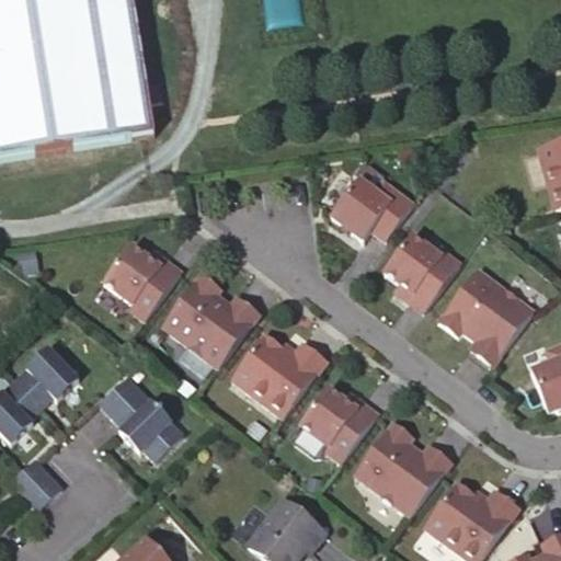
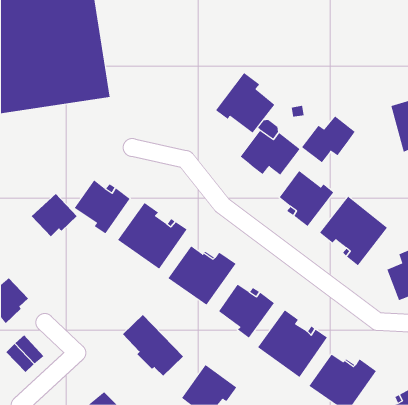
building: none -> [215,72,275,134]
building: none -> [301,116,356,163]
building: [14,347,78,408] -> [31,193,77,237]
building: [99,376,183,461] -> [122,314,184,377]

